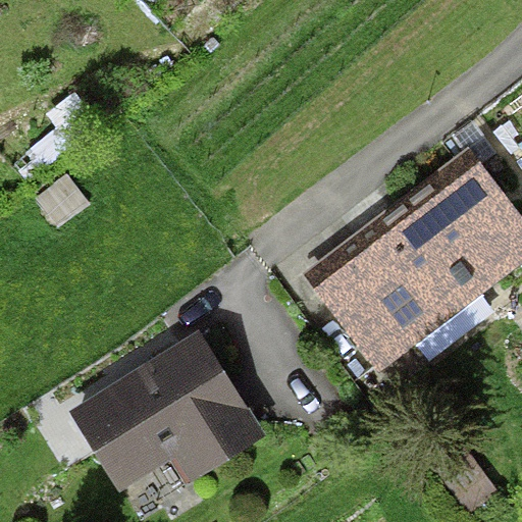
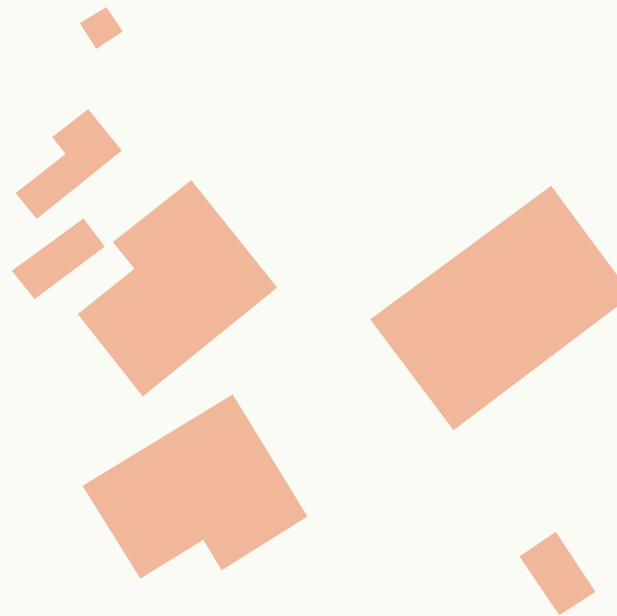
building: none -> [77,179,278,397]

